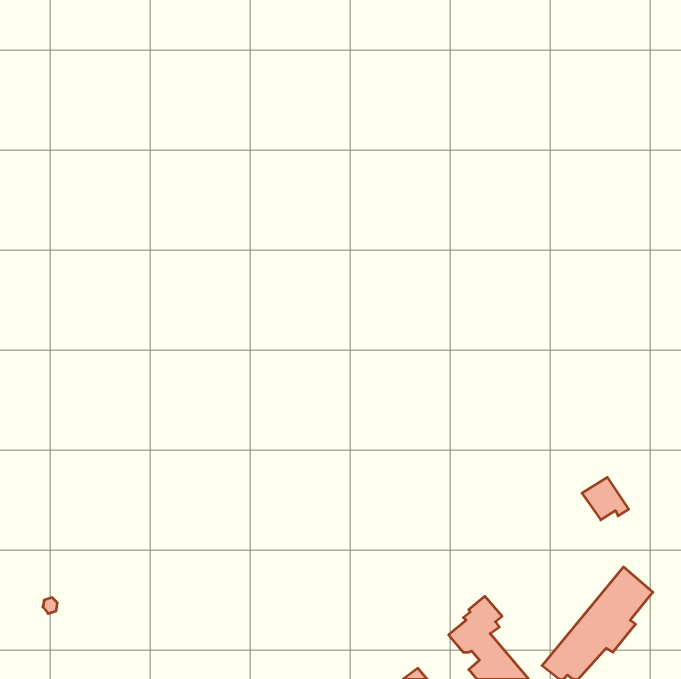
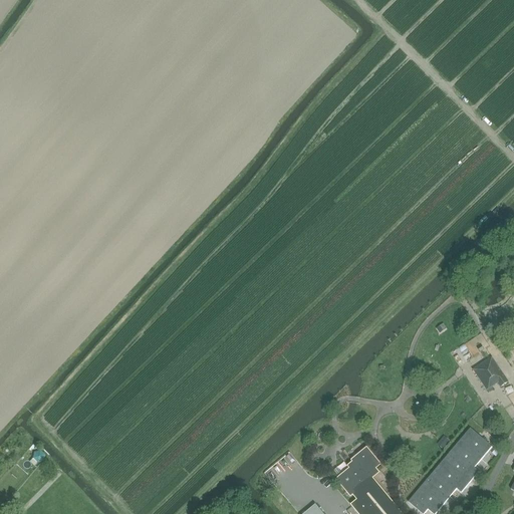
building: [582,477,629,520] -> [472,356,507,389]

